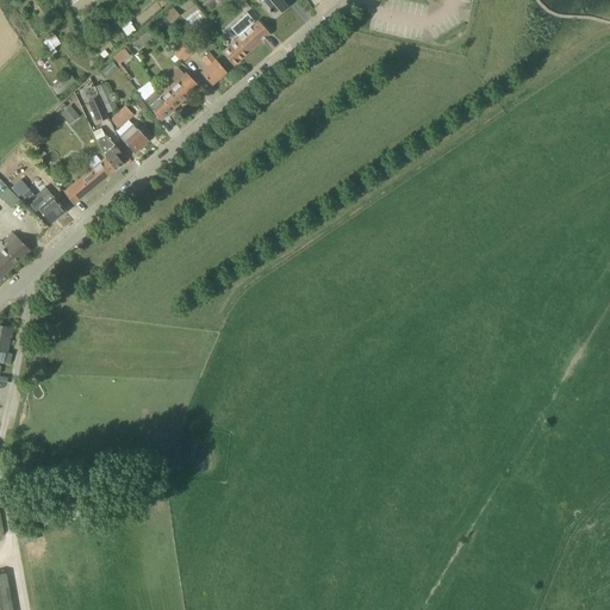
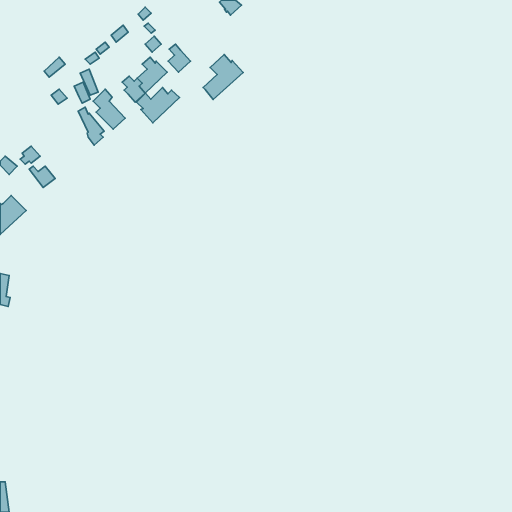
building: [222,13,269,67] -> [203,54,243,100]
building: none -> [137,88,179,123]
building: [63,155,112,205] -> none

